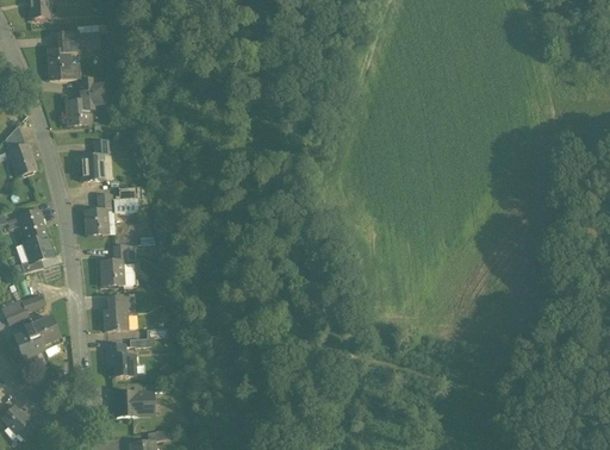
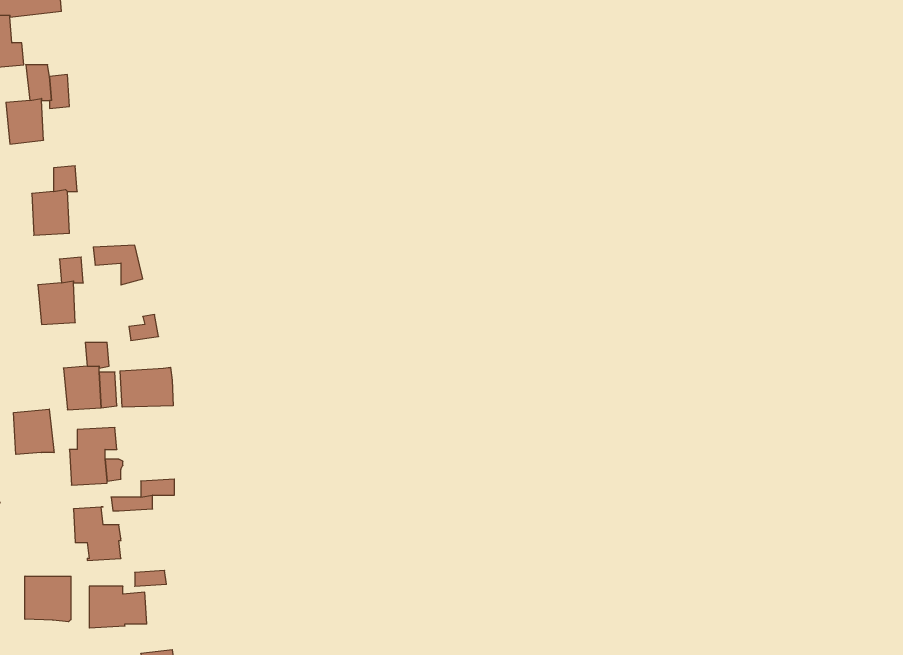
building: none -> [120,367,173,407]
building: none -> [14,409,54,454]
building: none -> [25,576,71,622]

